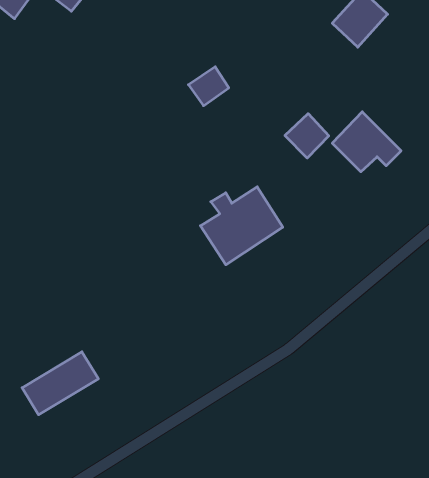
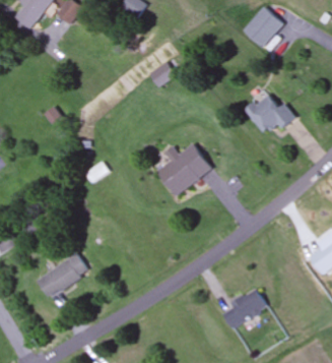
building: [285,114,329,158] -> none
building: none -> [220,289,267,328]

